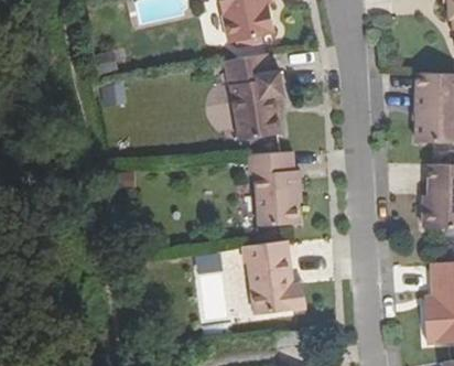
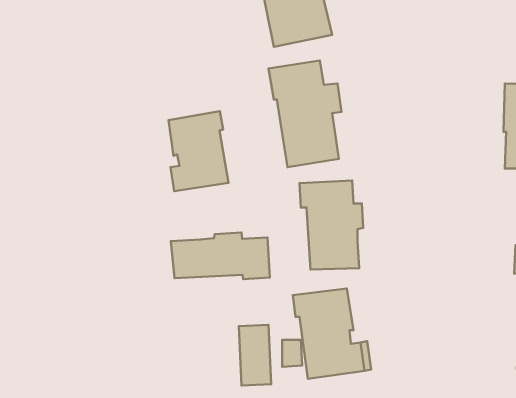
building: none -> [169,111,228,191]
building: none -> [171,233,270,279]

